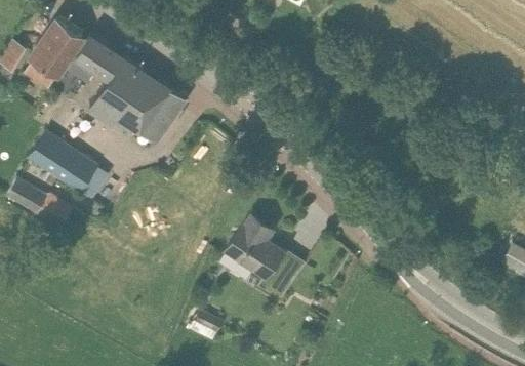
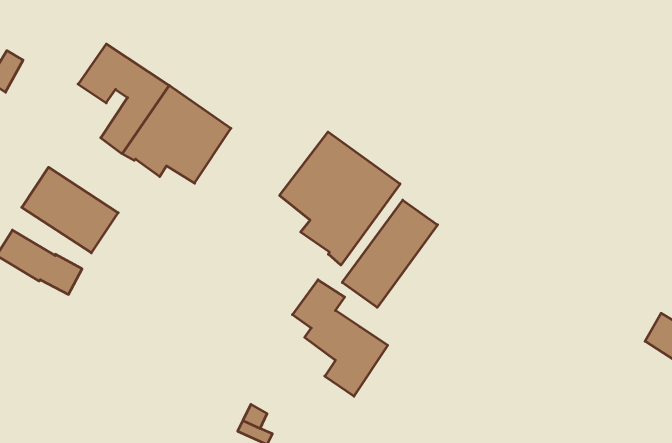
building: [22,17,84,88] -> none
building: none -> [280,132,400,265]
building: none -> [342,200,438,307]

